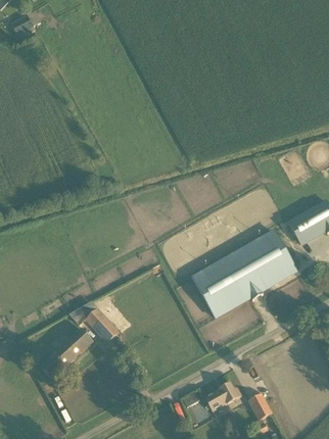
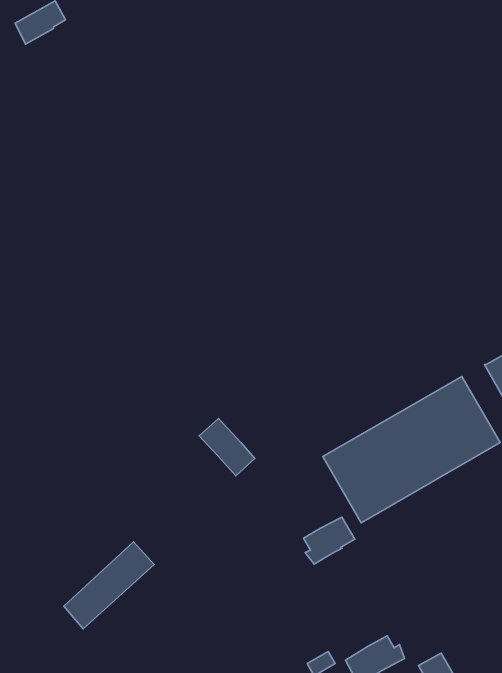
building: [86,308,119,342] -> [199,418,255,476]
building: none -> [304,517,355,564]

